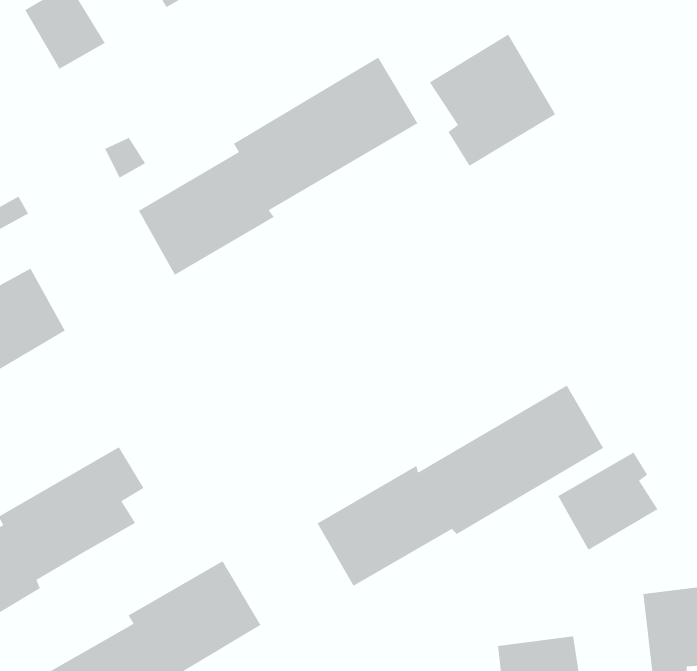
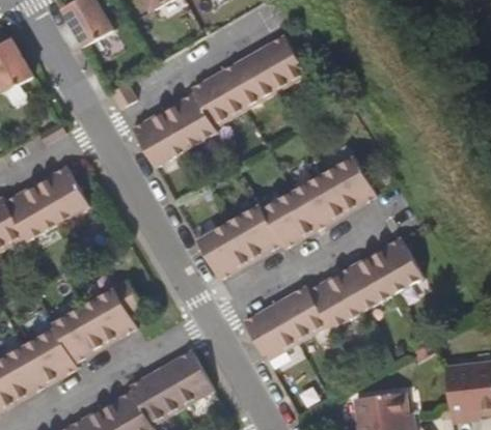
building: [429,33,556,167] -> none
building: none -> [196,156,377,283]
building: [557,451,658,551] -> none

